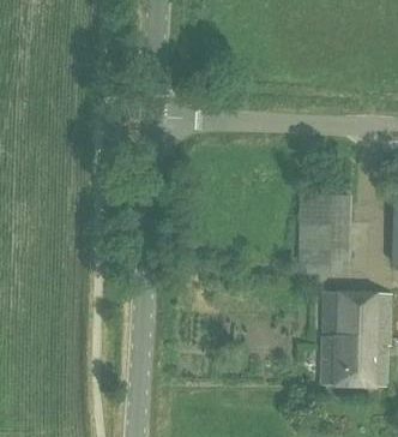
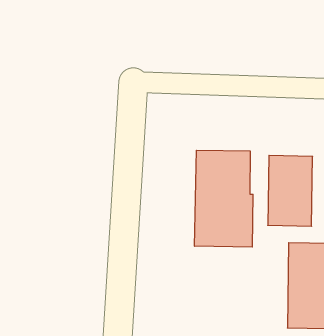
building: none -> [195,150,253,247]

